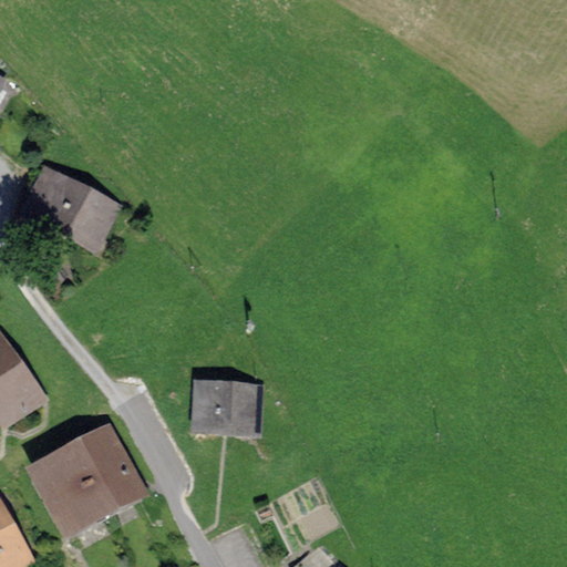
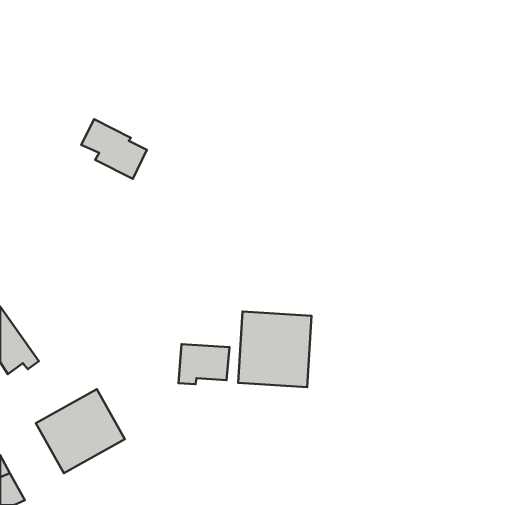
building: [34,171,107,237] -> [81,119,147,179]
building: none -> [238,311,311,387]

